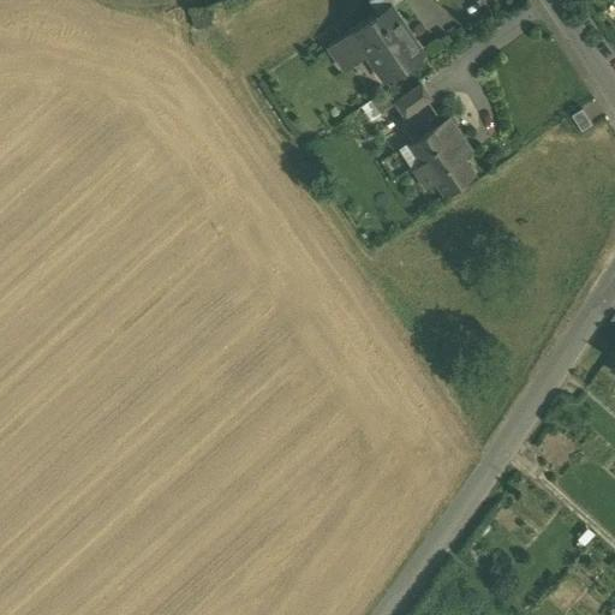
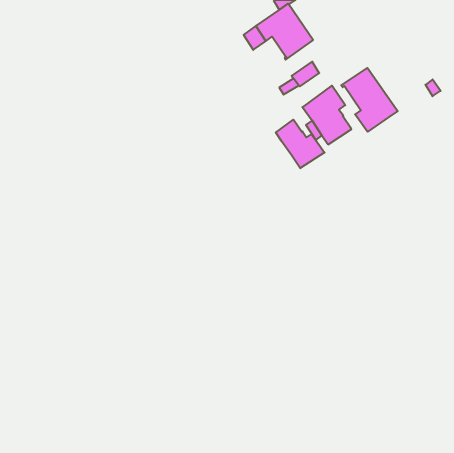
building: none -> [341,68,398,132]
building: none -> [276,120,325,168]

